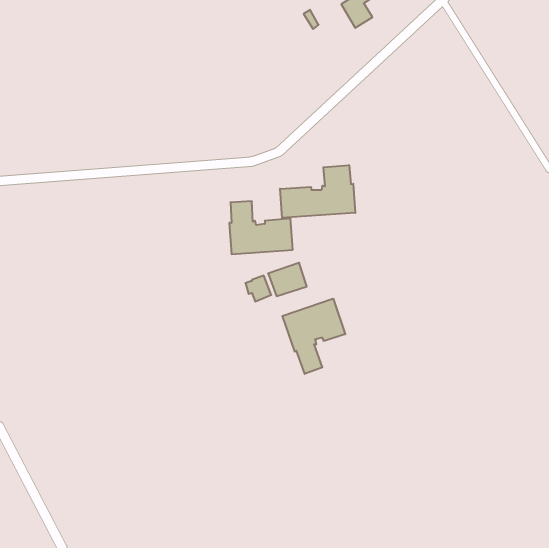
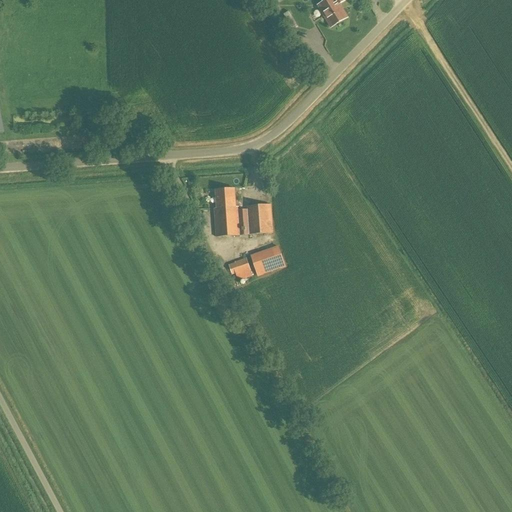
building: [280,165,355,218] -> none
building: [282,299,345,374] -> none

